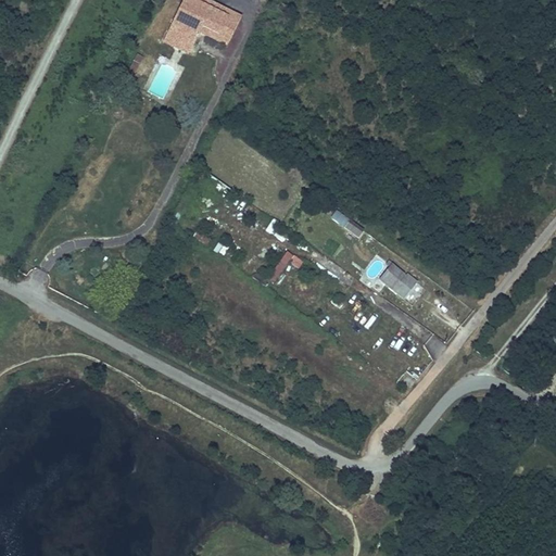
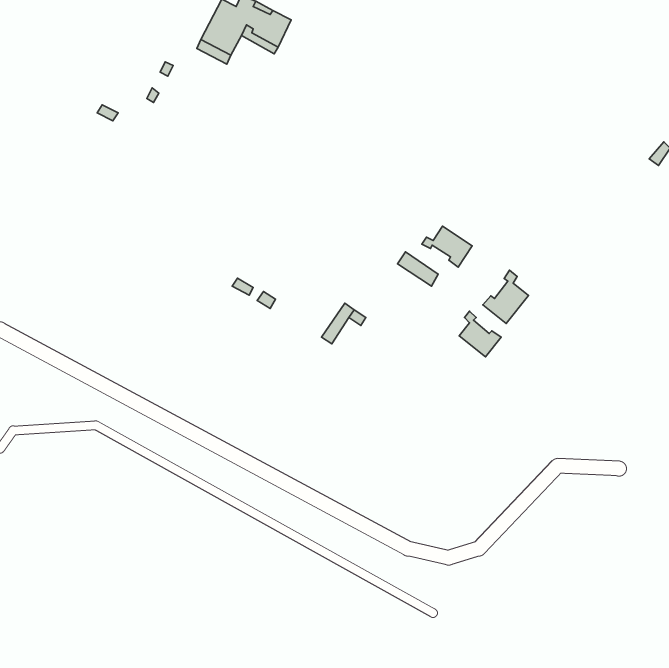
building: none -> [422,226,472,267]
building: none -> [483,270,529,324]

